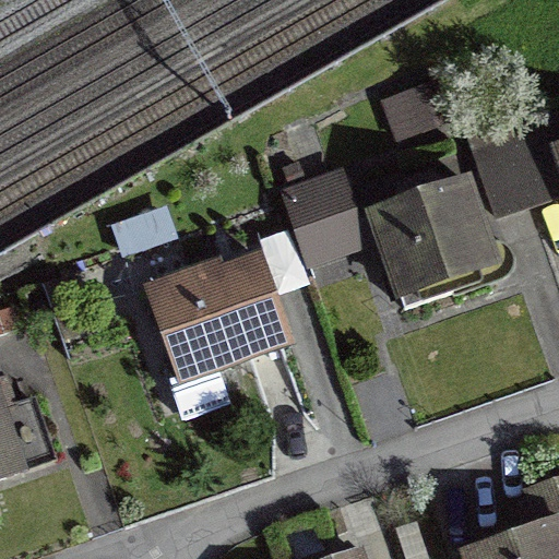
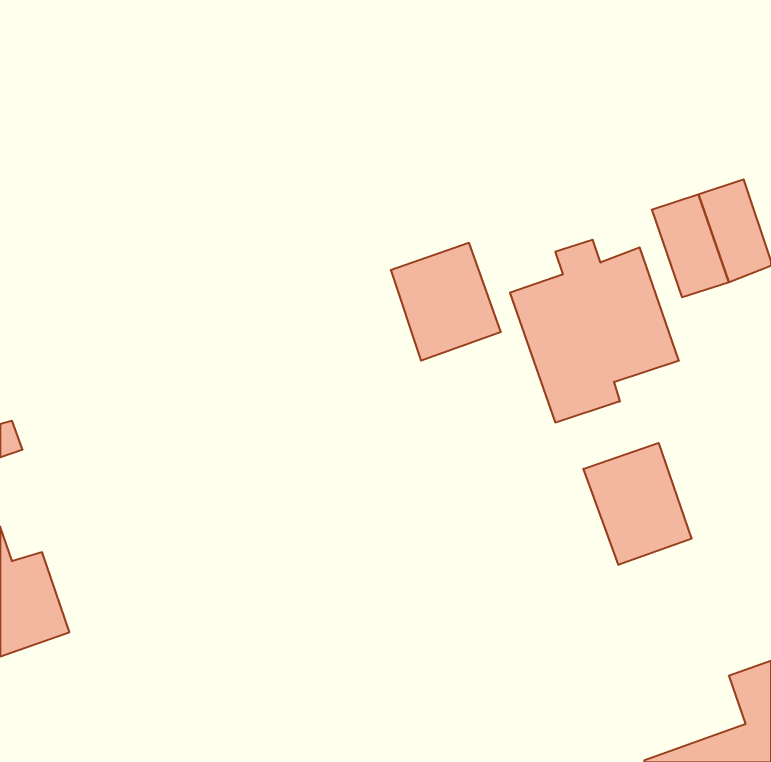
building: [145,258,286,374] -> none
building: none -> [583,443,692,565]

